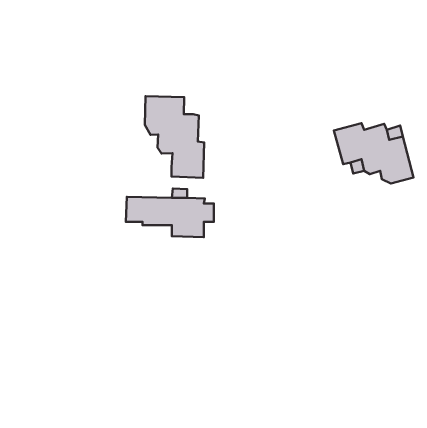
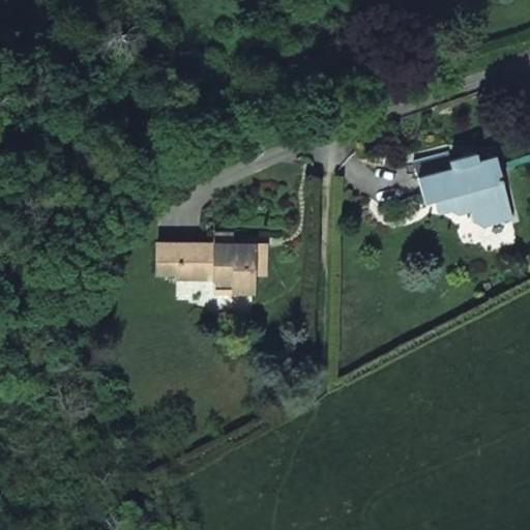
building: [145,96,204,178] -> none

